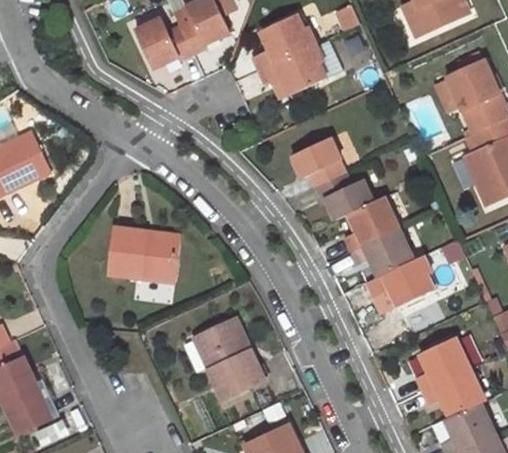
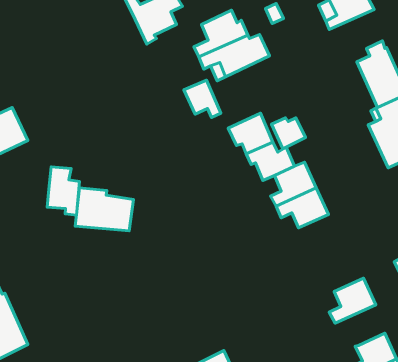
building: [135,18,195,68] -> none
building: none -> [184,80,221,118]
building: none -> [271,118,306,149]
building: none -> [47,167,80,215]
building: [366,256,434,305] -> none
building: [195,322,264,399] -> none
building: [422,369,486,418] -> none

